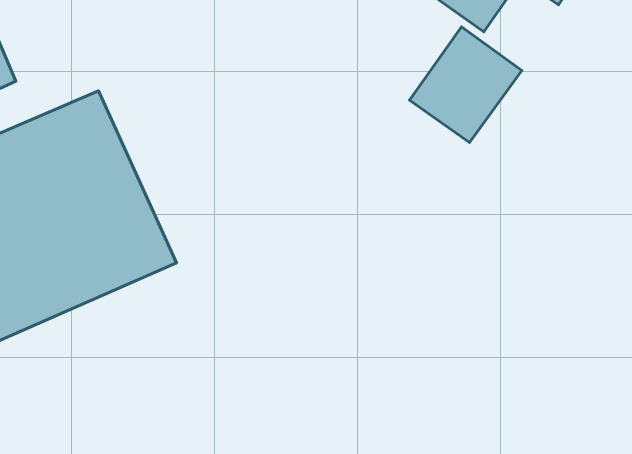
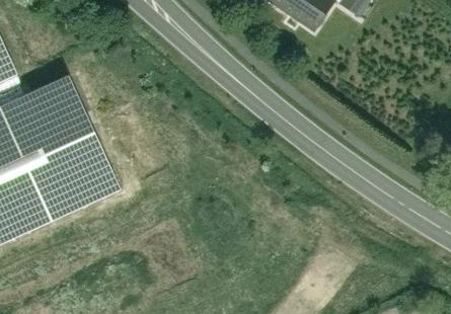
building: [410,27,522,143] -> none

